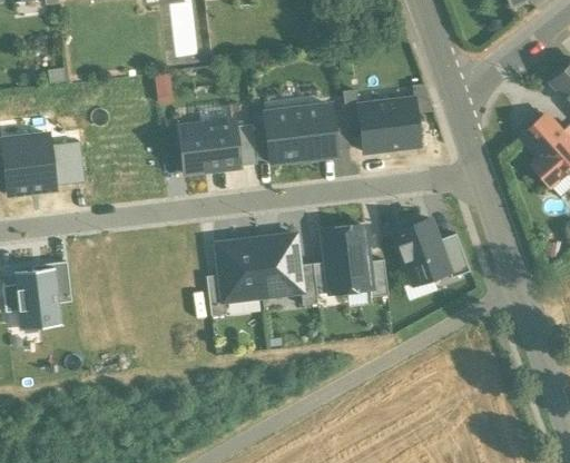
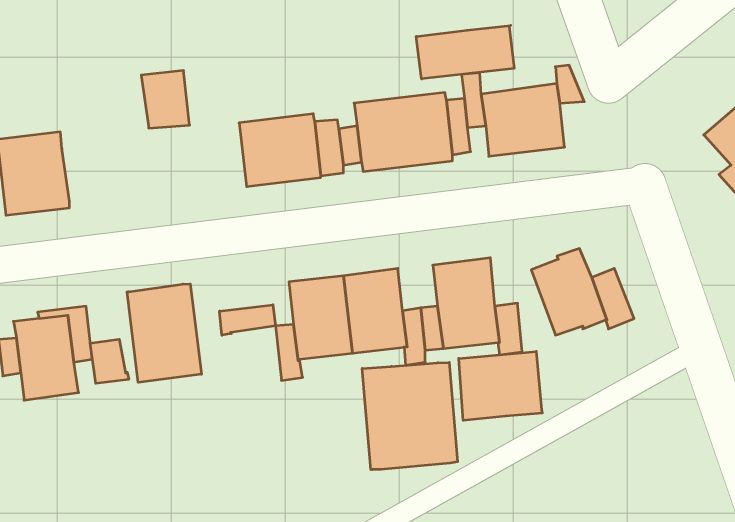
building: none -> [416,25,514,79]
building: [49,141,85,184] -> [141,71,190,128]
building: none -> [127,284,201,382]
building: none -> [220,305,275,335]
building: none -> [90,339,129,383]
building: none -> [459,351,542,420]
building: none -> [362,362,458,470]

